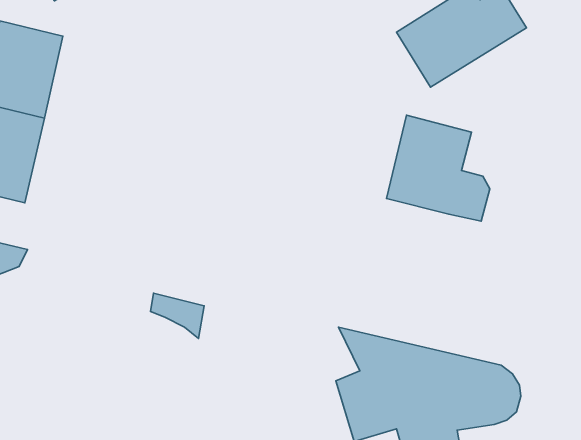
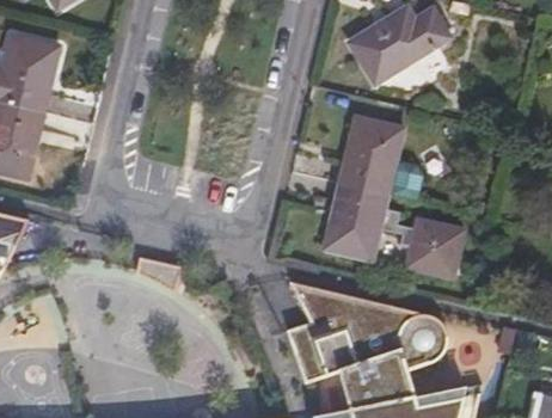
building: none -> [318,179,466,282]

